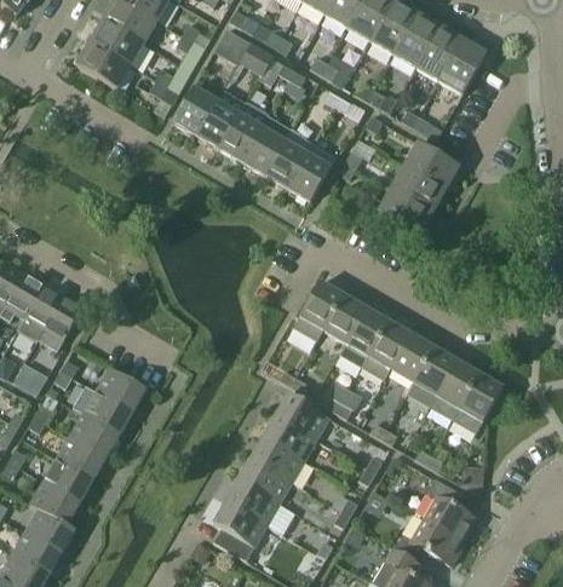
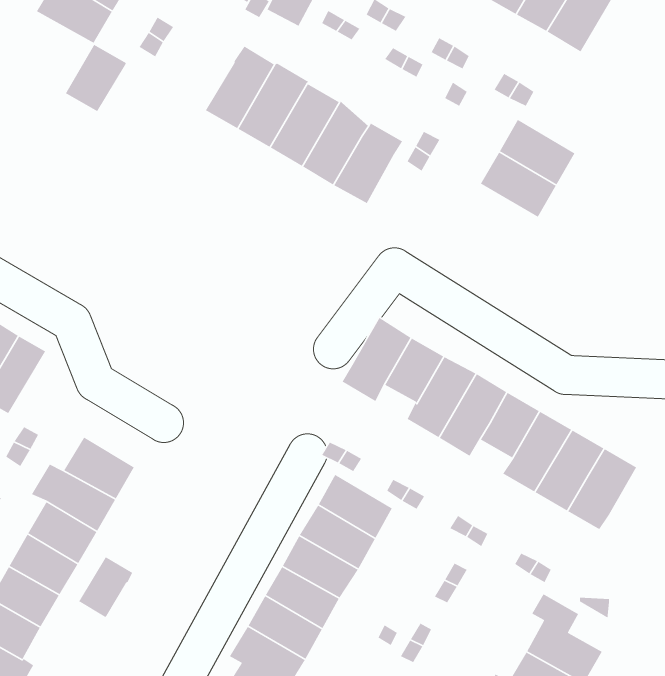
building: [173,87,217,136] -> [65,44,126,112]
building: [378,188,432,236] -> none
building: none -> [78,556,133,618]

